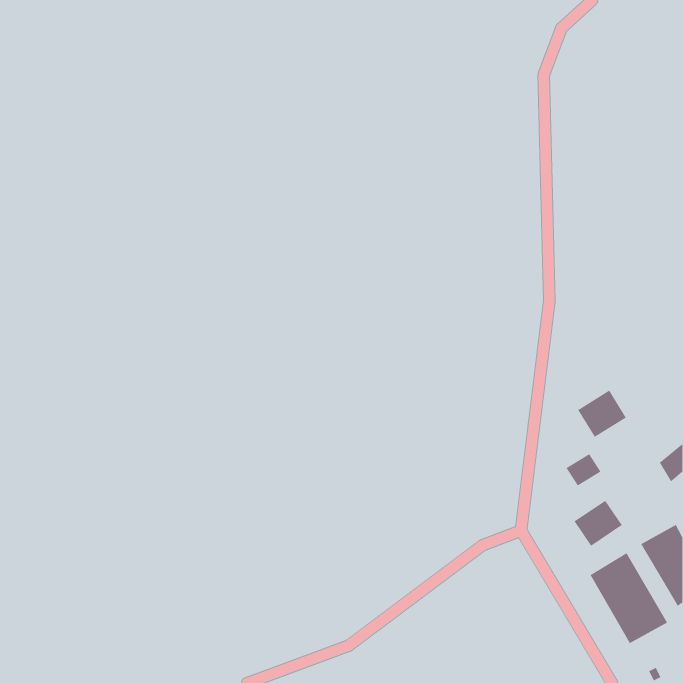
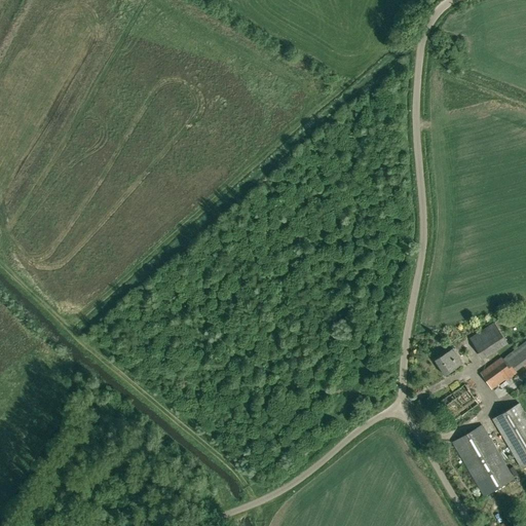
building: [577,390,627,438] -> [469,322,508,359]
building: none -> [480,356,513,389]

